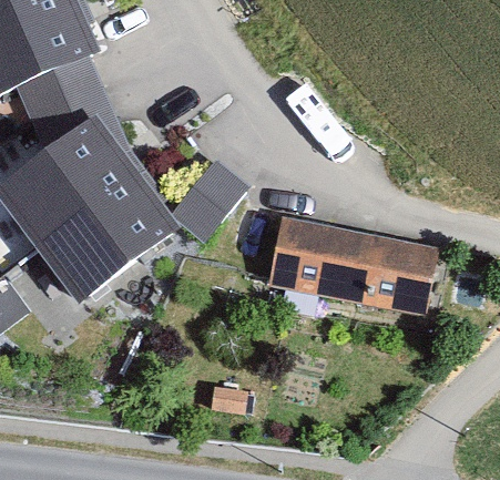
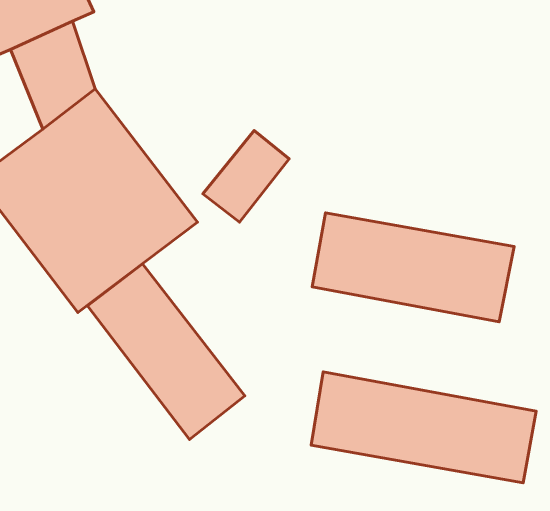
building: none -> [88,264,245,440]
building: none -> [311,372,536,483]

